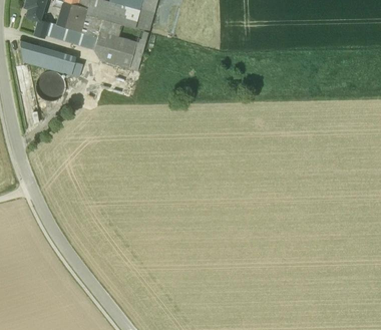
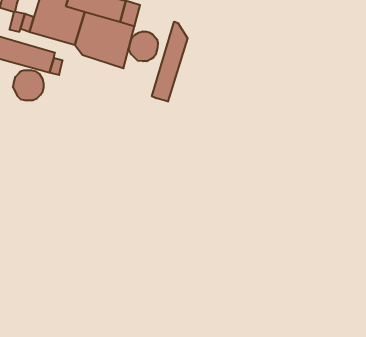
building: none -> [152,22,188,102]
building: none -> [129,31,158,61]

